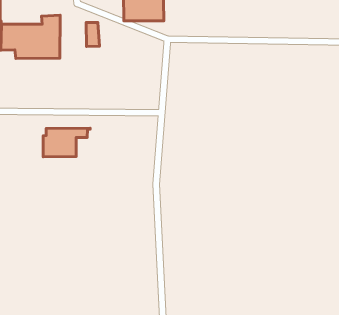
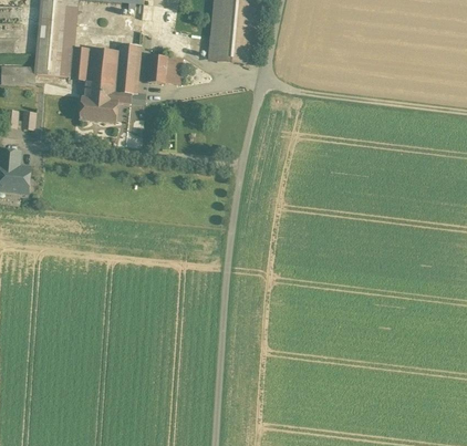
building: none -> [147,54,167,82]
building: [43,128,90,157] -> [79,87,134,122]

